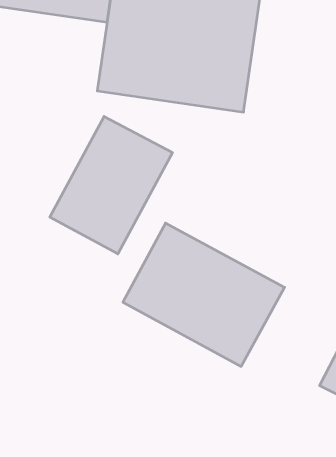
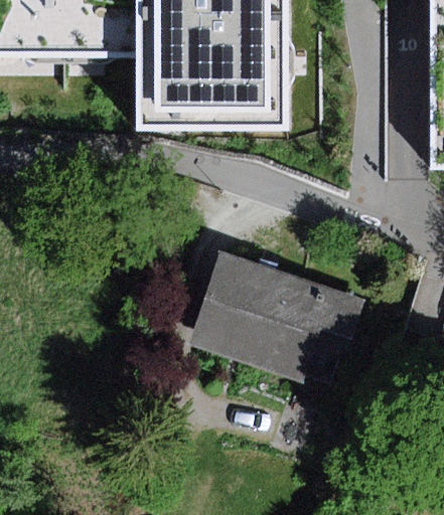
building: [50,116,172,254] -> none

